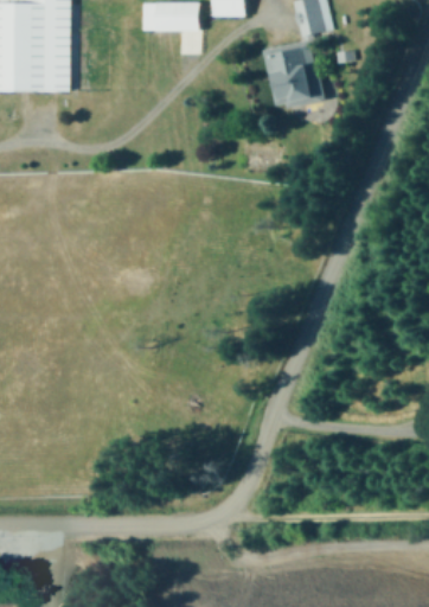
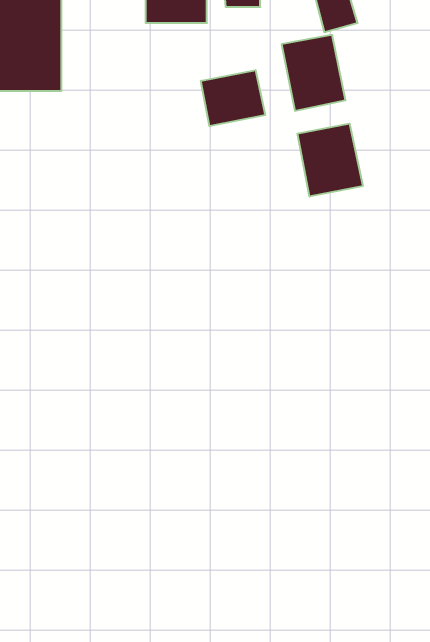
building: none -> [201,70,265,126]
building: none -> [297,124,363,197]

